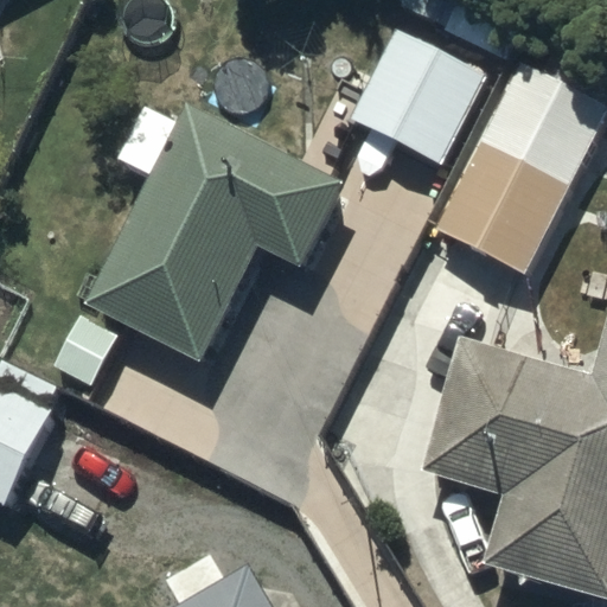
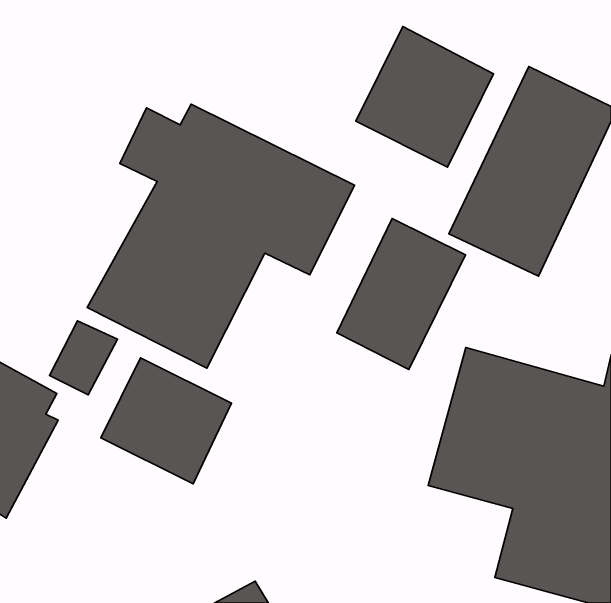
building: none -> [337,218,466,369]
building: none -> [101,358,231,484]

